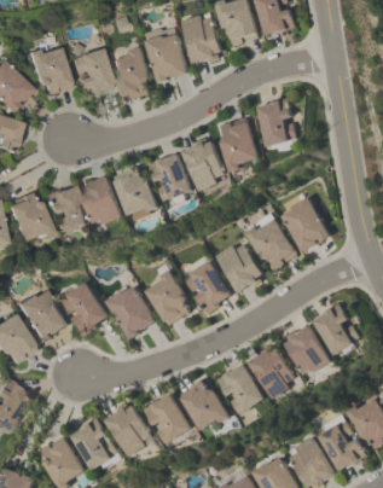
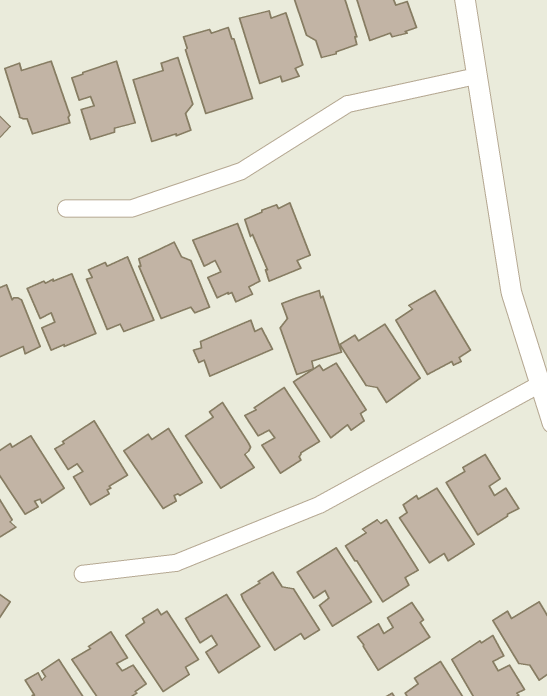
building: [259,98,297,146] -> none
building: [221,117,261,172] -> [280,290,341,374]
building: none -> [194,320,273,376]
building: none -> [358,603,430,670]

